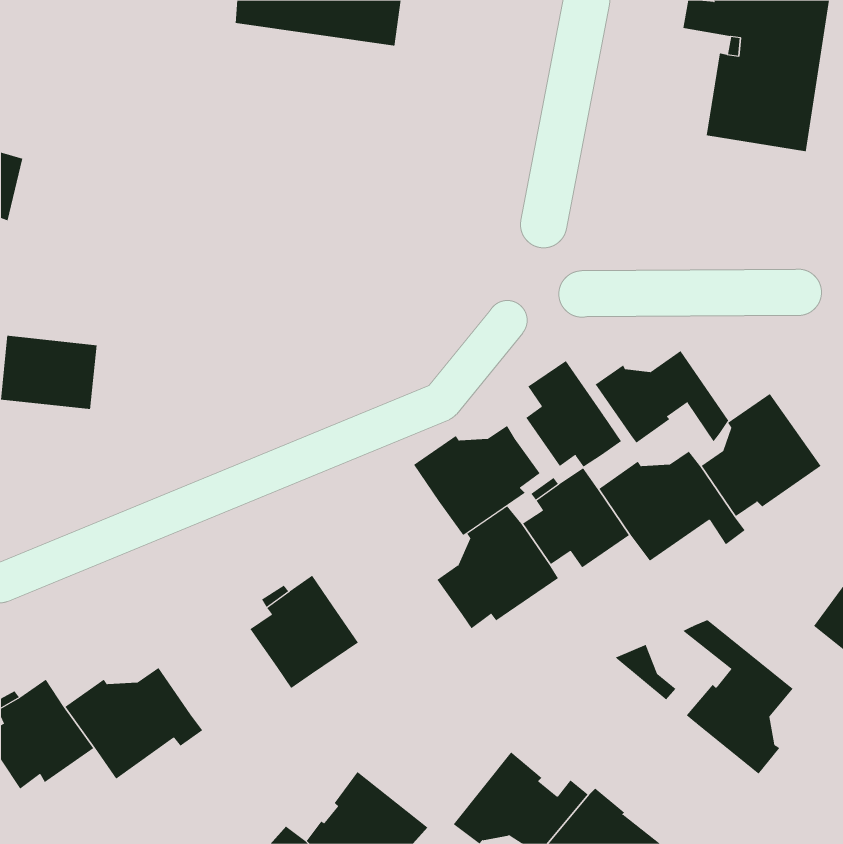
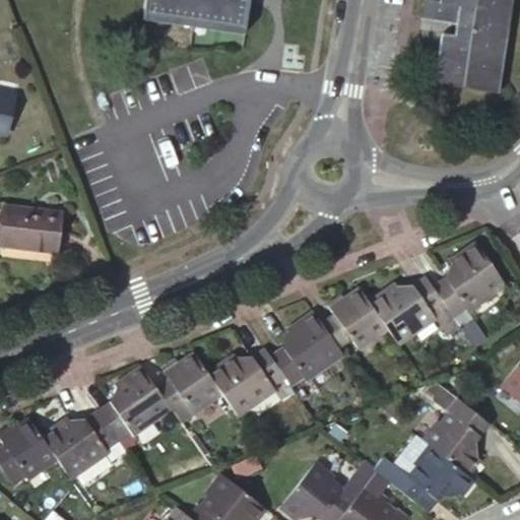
building: [595,350,729,444] -> none
building: [526,360,622,467] -> none
building: [413,425,540,536] -> [206,348,284,416]
building: none -> [99,366,171,440]
building: none -> [374,445,473,515]

